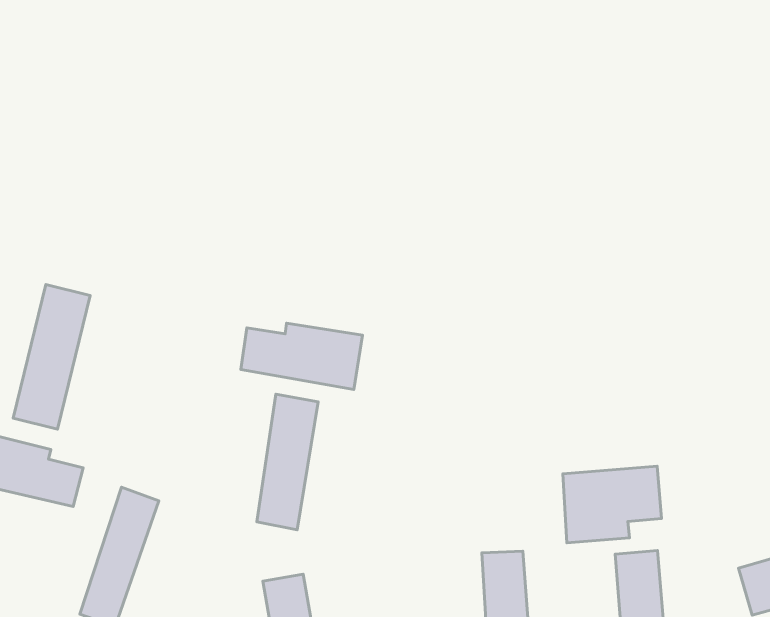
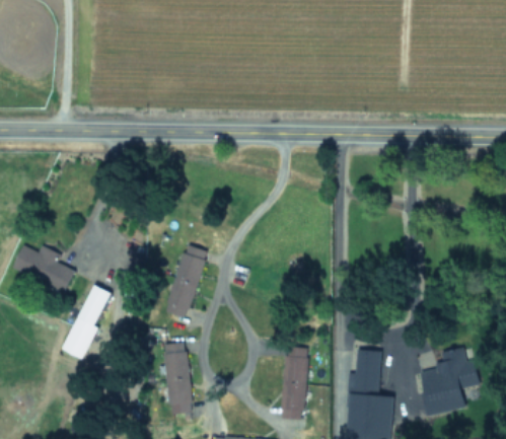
building: [13,285,90,429] -> none
building: [241,323,363,389] -> none
building: [563,466,661,543] -> none

